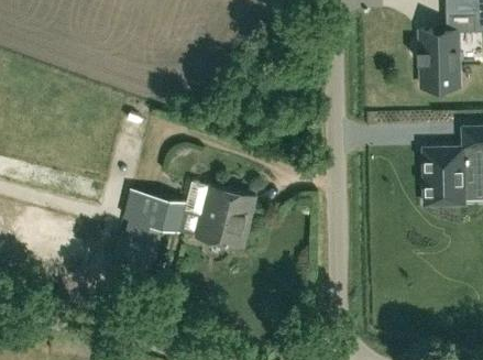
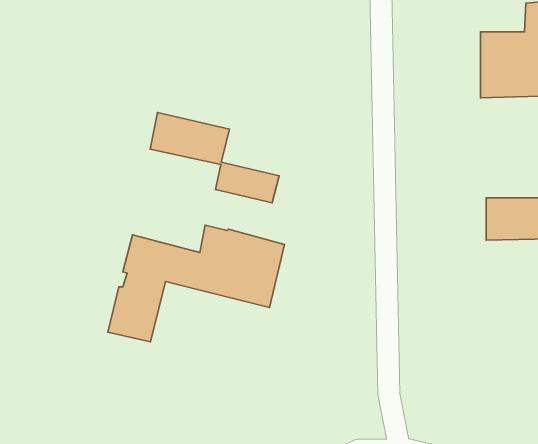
building: none -> [150,112,279,203]

